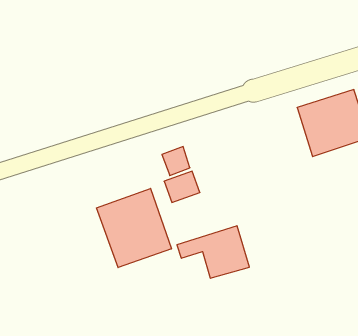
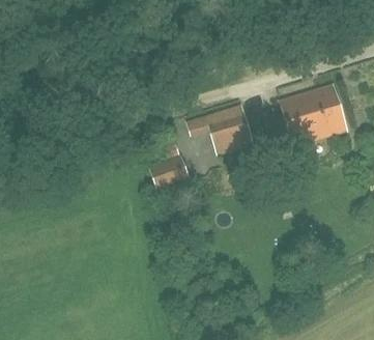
building: [96,188,171,268] -> none
building: [177,226,249,278] -> [184,105,252,153]

